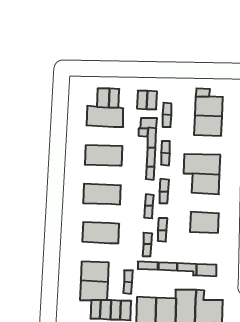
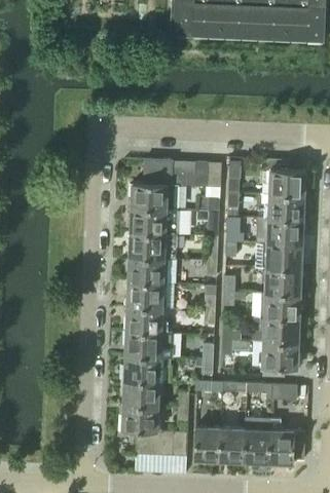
building: none -> [171,161,195,185]
building: none -> [129,206,177,233]
building: none -> [255,218,302,244]
building: none -> [126,257,174,283]
building: none -> [254,293,299,319]
building: none -> [125,306,161,332]
building: none -> [261,343,298,377]
building: none -> [123,355,171,382]

